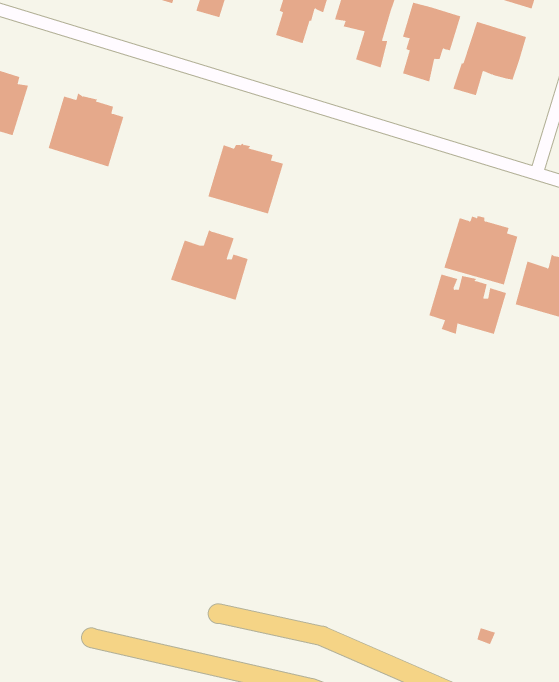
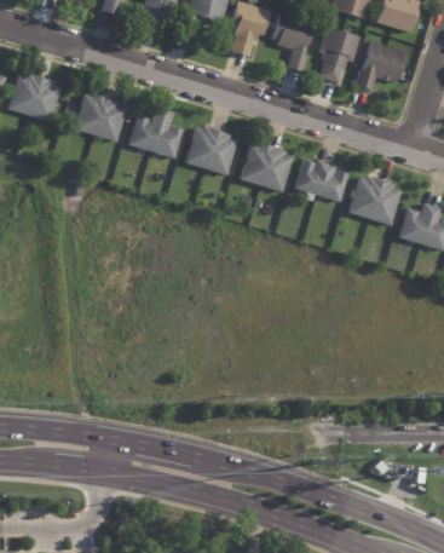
building: none -> [240,142,293,191]
building: [170,229,248,301] -> [127,108,181,157]
building: [429,274,507,334] -> [294,159,348,201]

